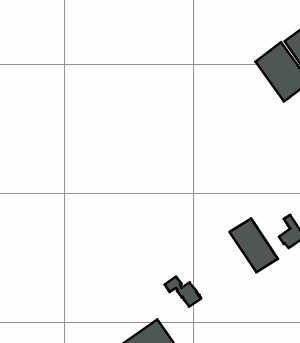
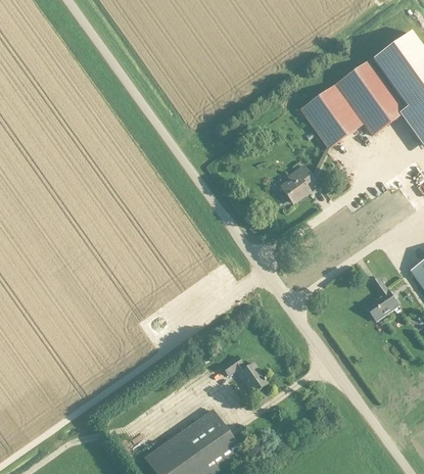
building: none -> [300,85,361,147]
building: none -> [280,164,314,201]
building: [230,218,278,272] -> none

